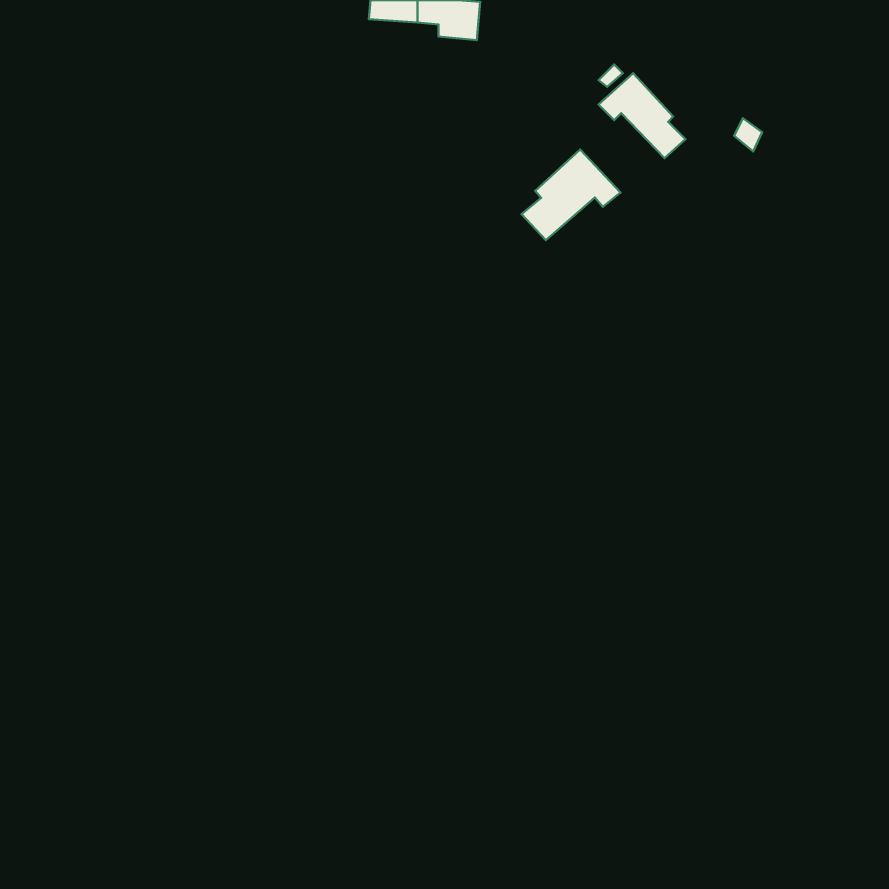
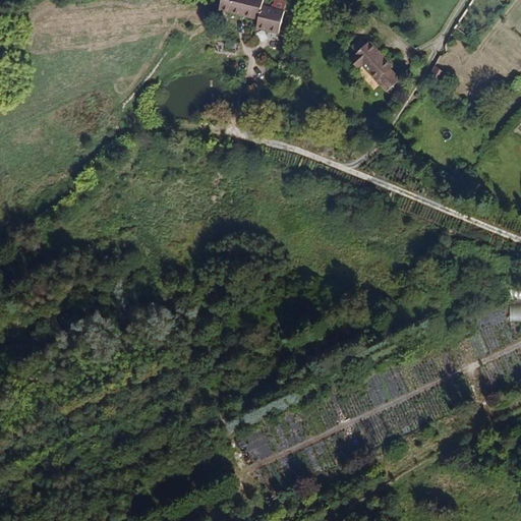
building: [522,149,620,240] -> none

